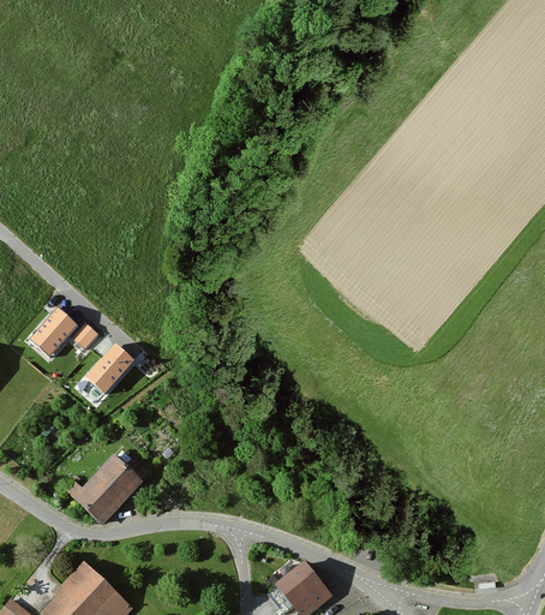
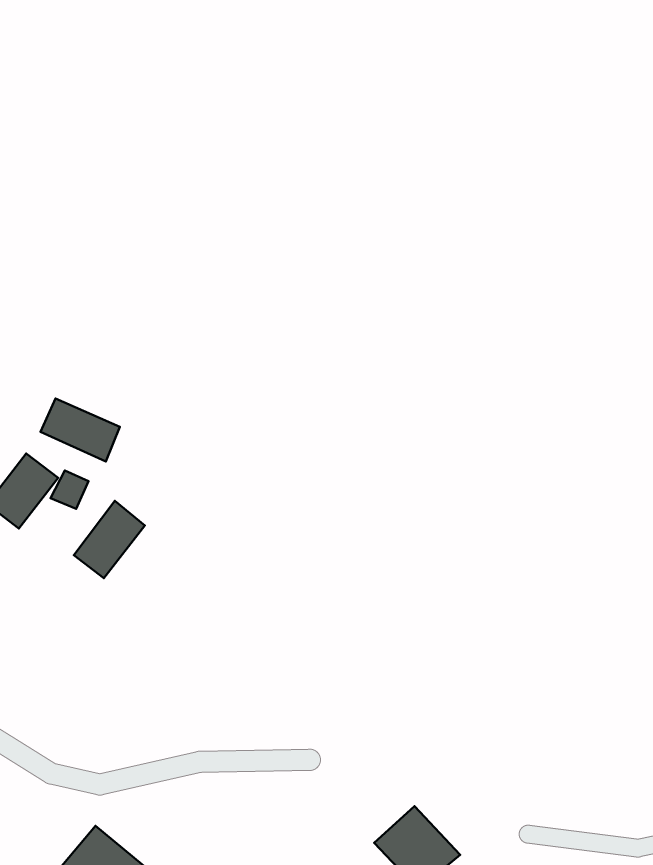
building: none -> [41,398,120,462]
building: [74,454,144,525] -> none

